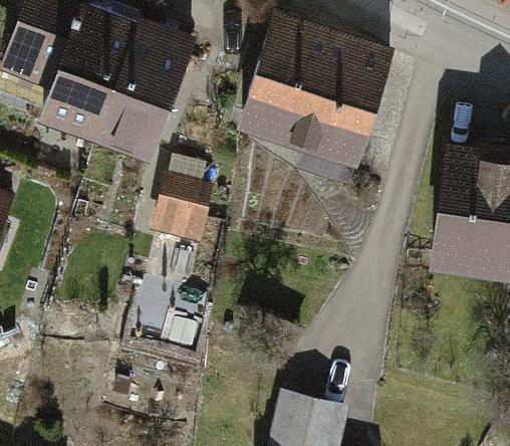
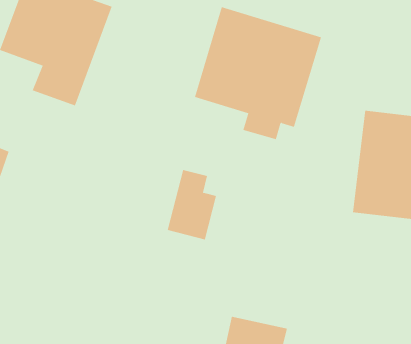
building: [93,17,190,158] -> none
building: [153,154,214,240] -> [167,169,217,240]

